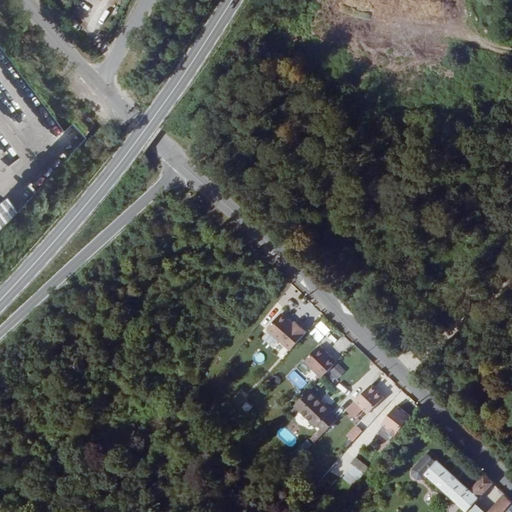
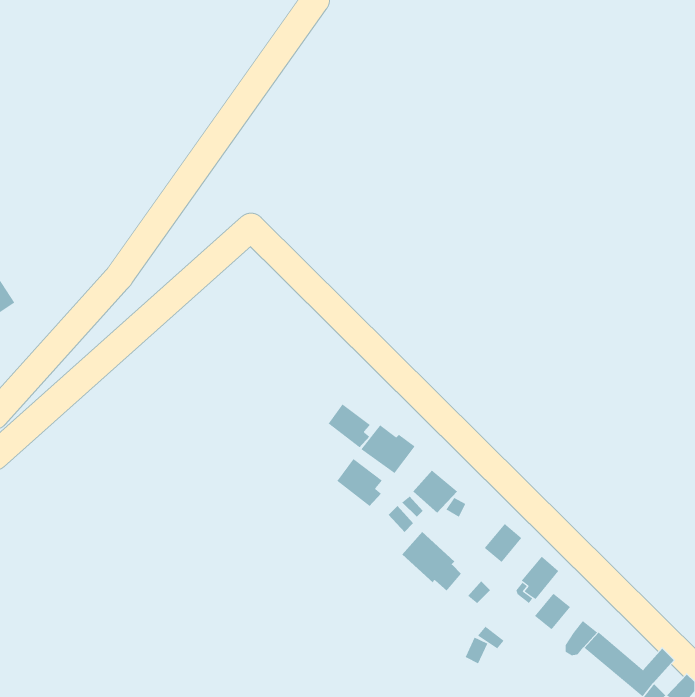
building: none -> [328,404,370,448]
building: none -> [336,458,383,507]
building: none -> [534,593,571,630]

